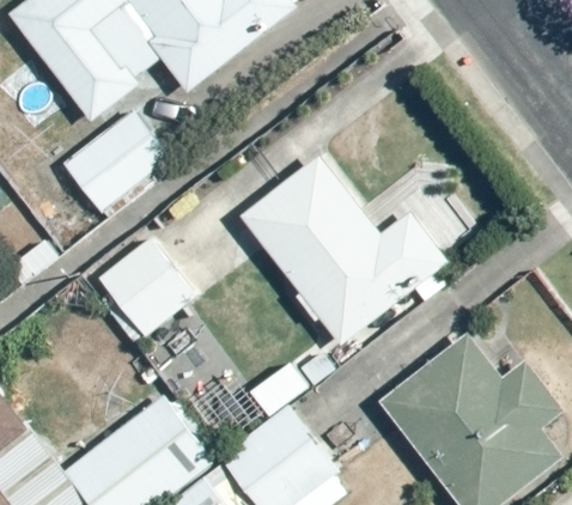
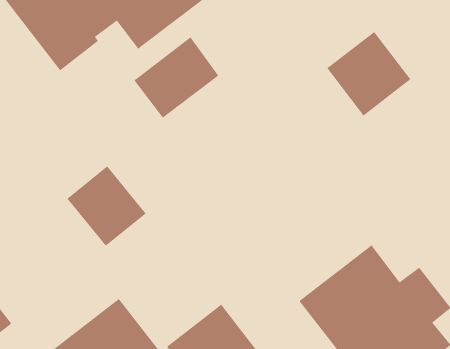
building: none -> [327,31,411,116]
building: [60,109,165,209] -> [133,37,219,118]
building: [244,154,451,343] -> none

